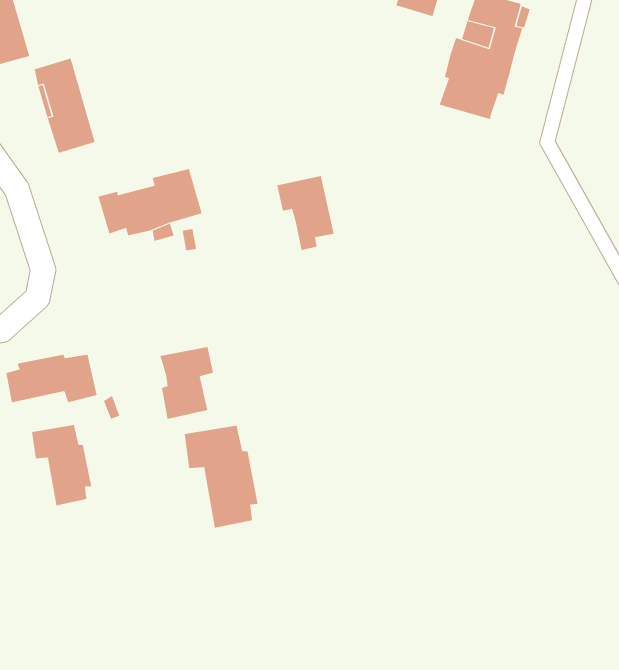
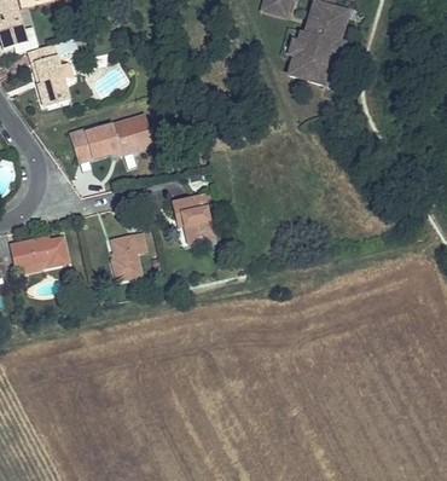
building: [276,176,334,251] -> [172,191,209,239]
building: [31,424,92,506] -> none
building: [184,425,258,529] -> none

